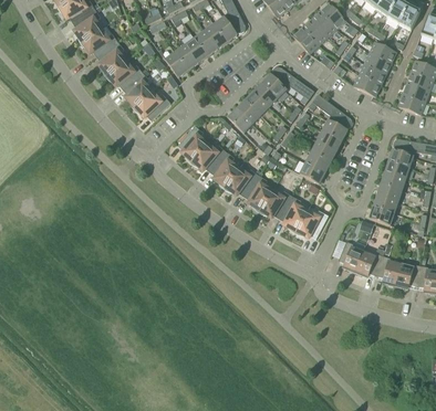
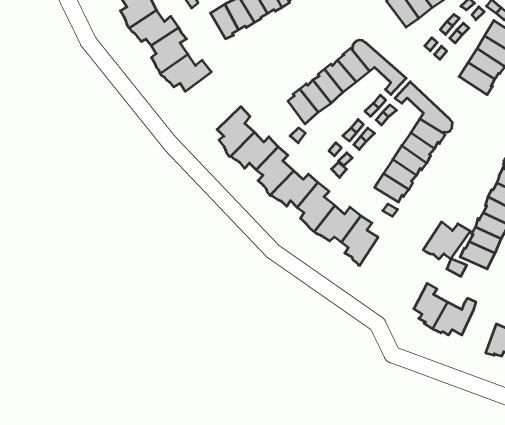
building: [295,210,329,238] -> [423,222,470,259]
building: [376,255,401,286] -> none

